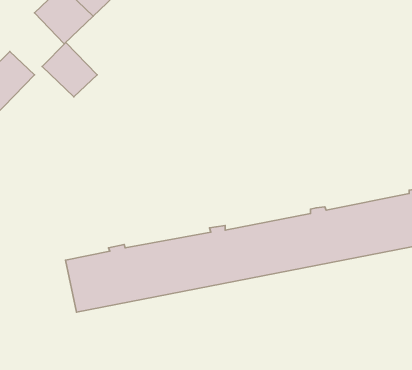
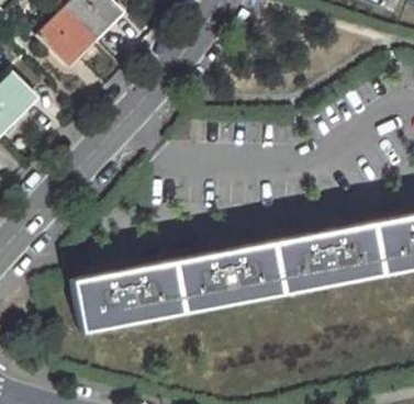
building: [42,42,97,97] -> none

